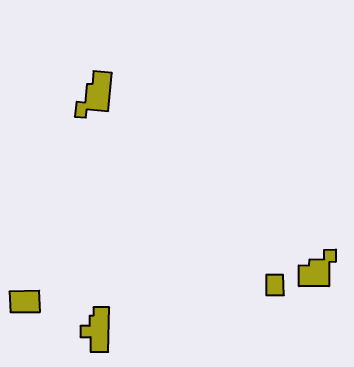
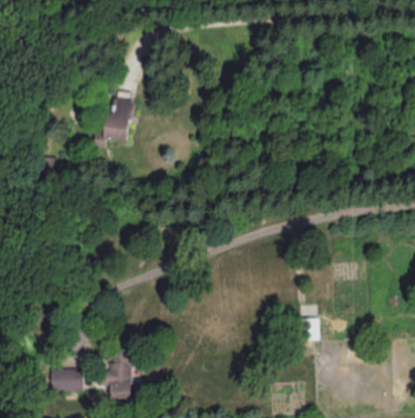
building: [299,249,336,286] -> none
building: [9,291,40,312] -> [50,367,83,390]

